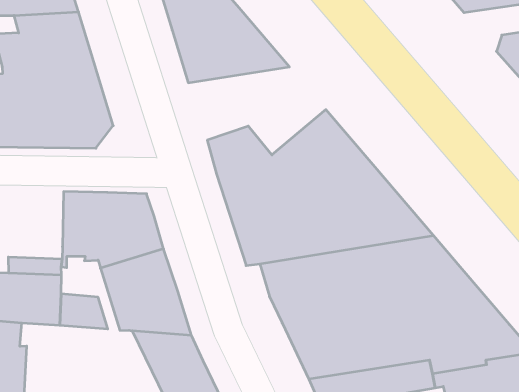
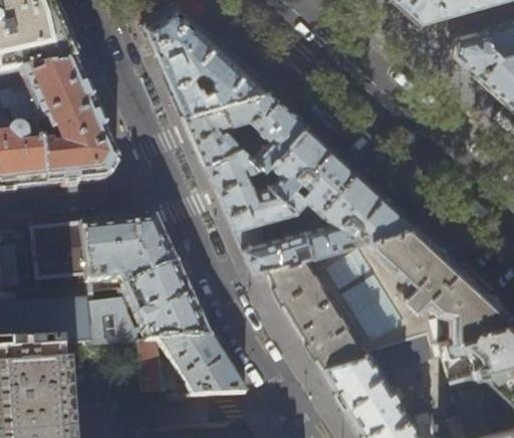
building: none -> [181,89,306,170]
building: none -> [31,225,86,280]
building: none -> [140,342,167,393]

